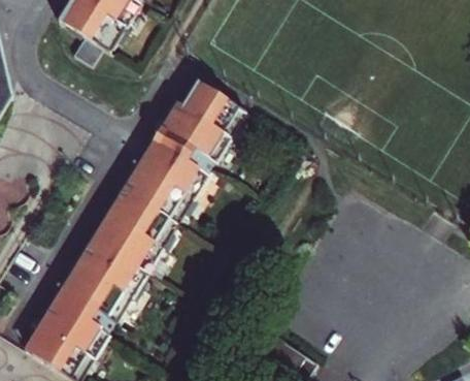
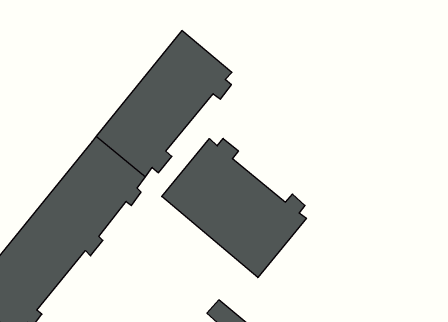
building: none -> [162,138,306,278]

